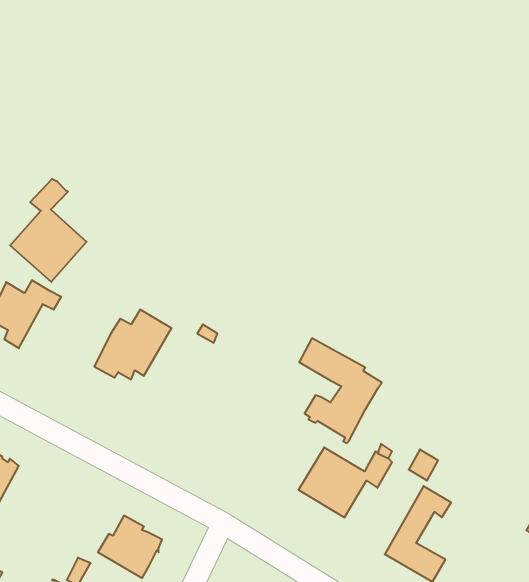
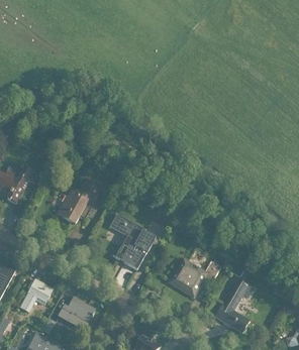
building: [10,179,87,282] -> none
building: [299,338,382,443] -> [109,213,155,270]
building: none -> [19,278,52,312]

